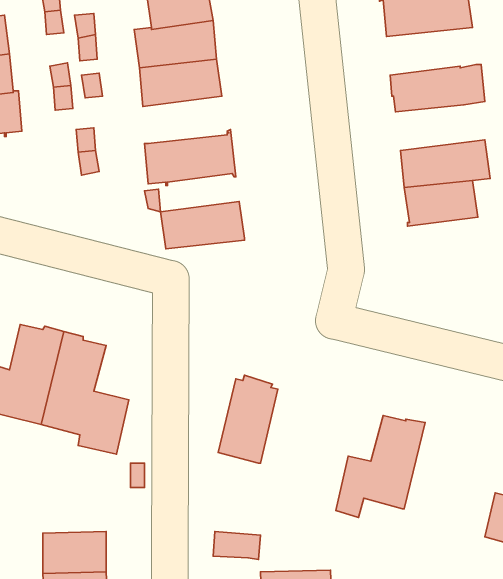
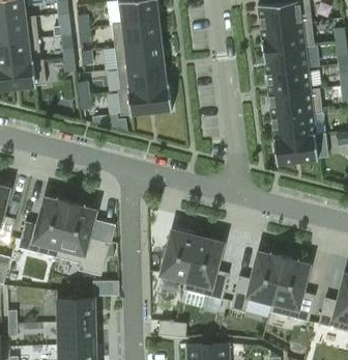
building: none -> [261,23,314,51]
building: none -> [266,68,310,95]
building: [160,201,245,249] -> [117,63,167,91]
building: none -> [273,135,318,165]
building: none -> [183,237,229,300]
building: none -> [269,256,315,322]
building: none -> [57,297,95,322]

